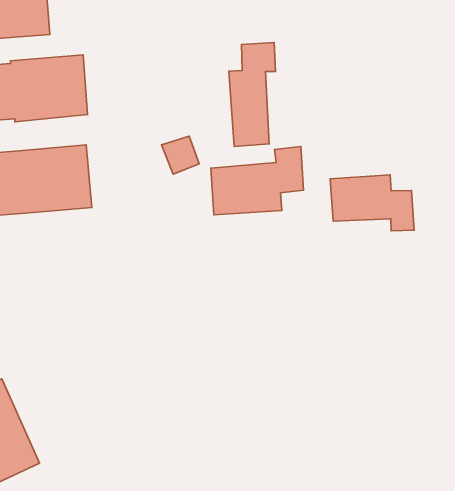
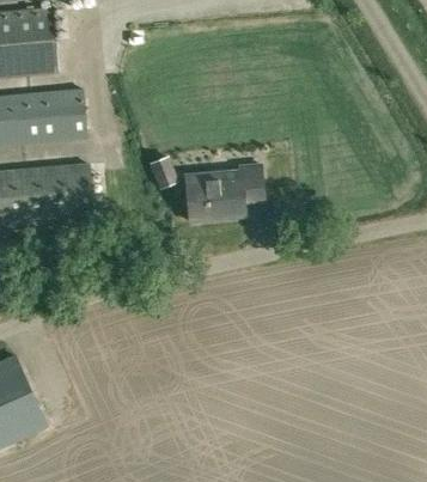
building: [229,42,275,147] -> none
building: [330,175,414,231] -> none

